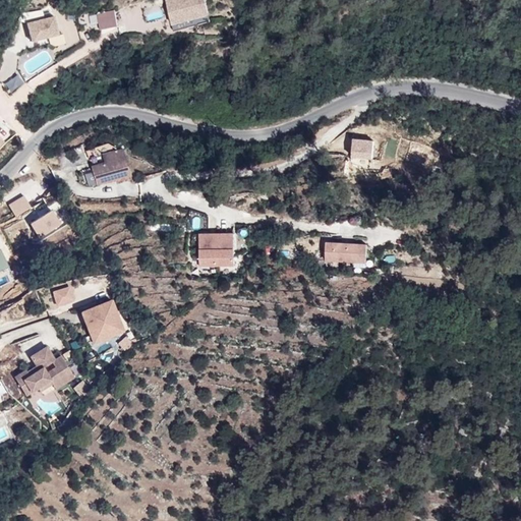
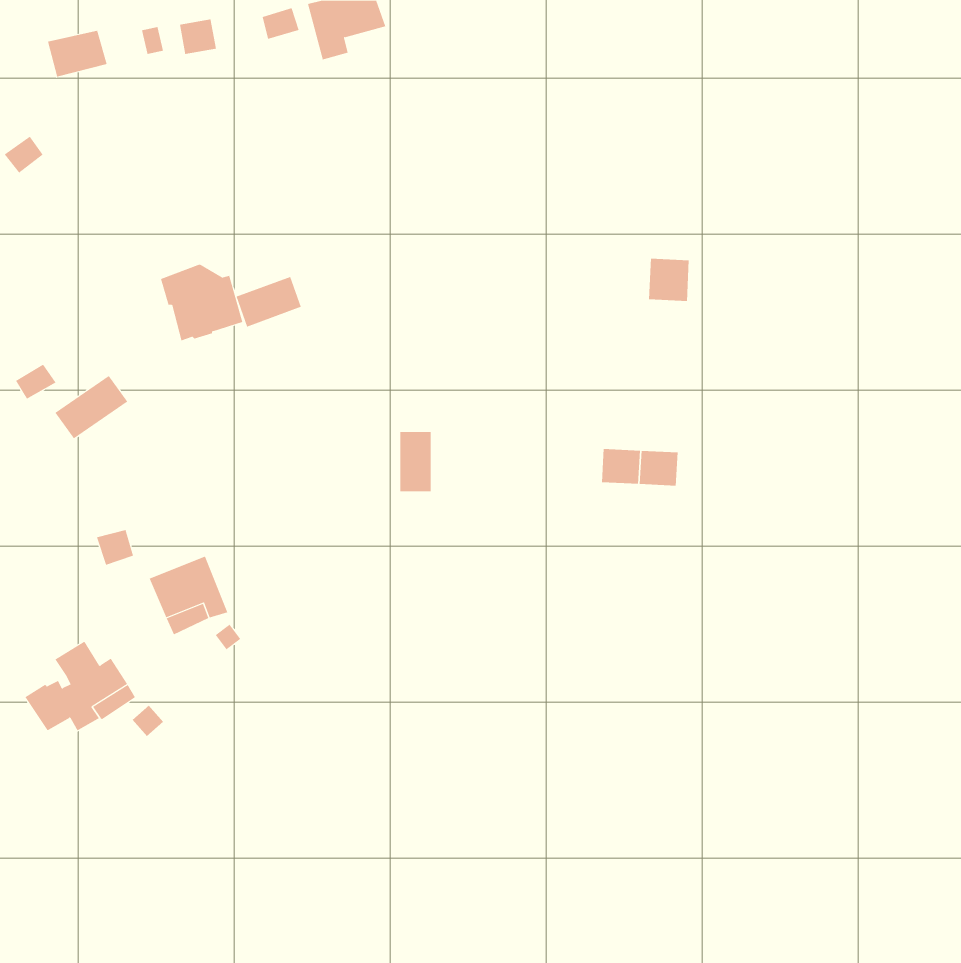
building: none -> [236,276,301,327]
building: [198,233,216,266] -> none

